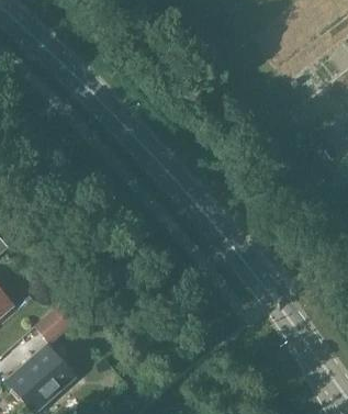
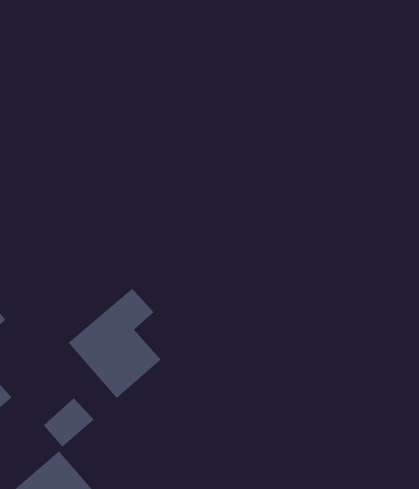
building: none -> [68,288,161,399]

